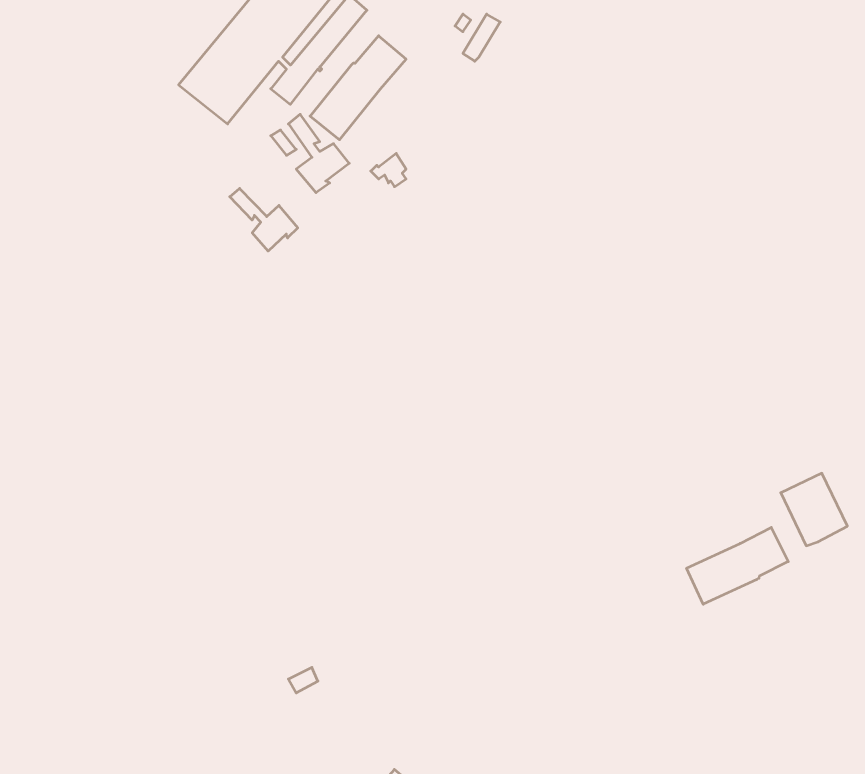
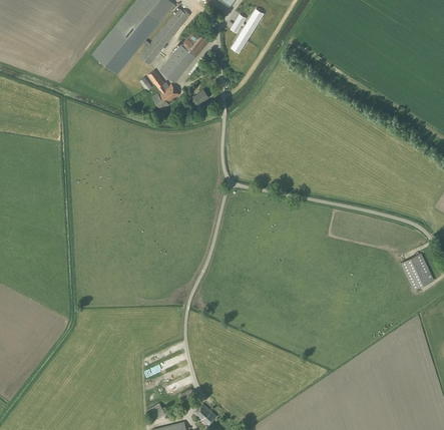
building: [230,188,298,251] -> none
building: [687,527,788,604] -> none

